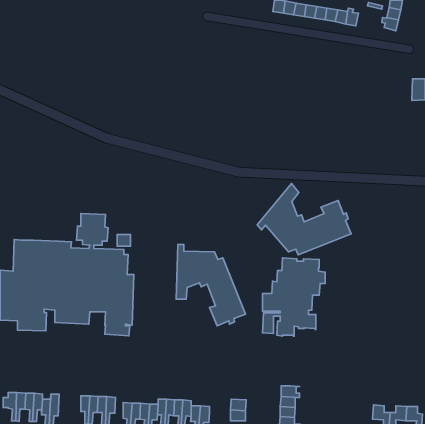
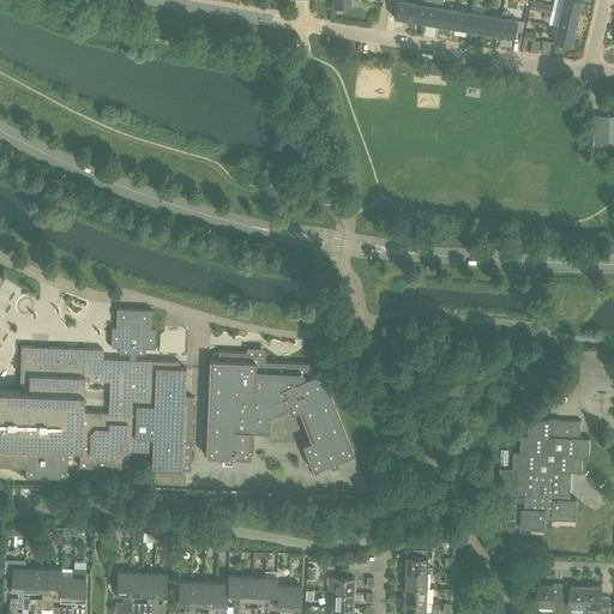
building: [257,184,351,255] -> none
building: none -> [205,353,257,463]
building: [263,258,325,336] -> [500,419,590,531]

